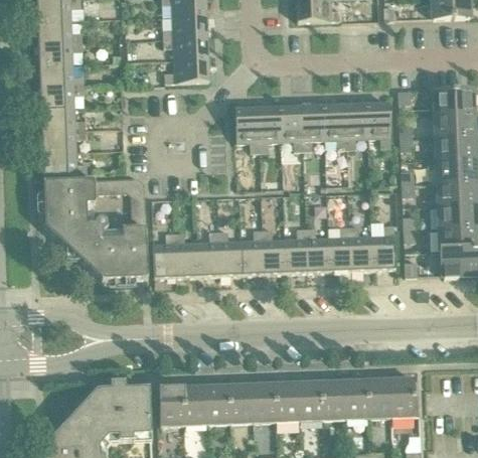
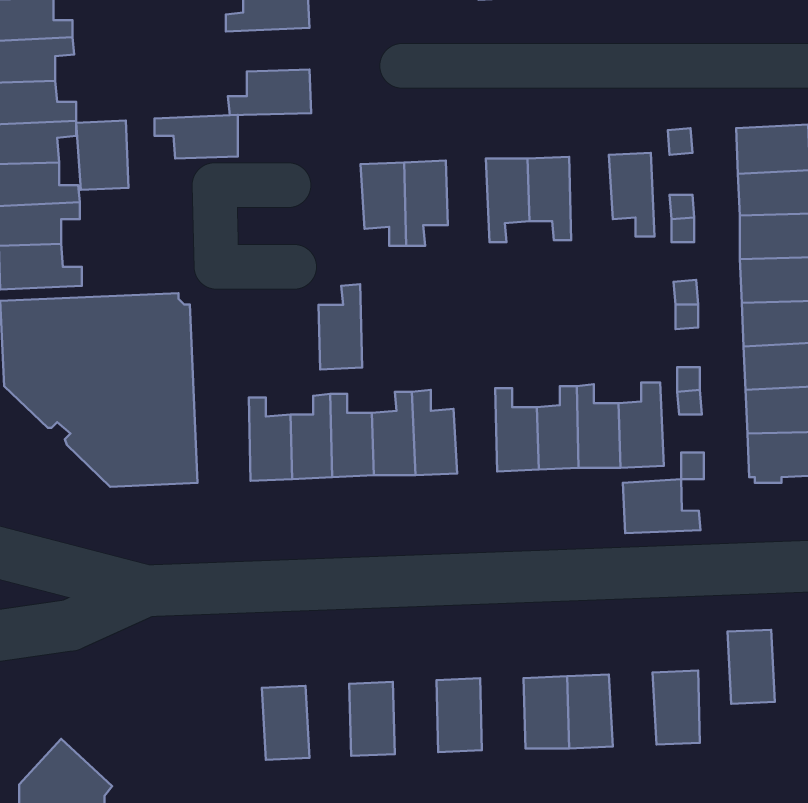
building: [163,36,207,59] -> [154,115,238,158]
building: none -> [76,120,128,190]
building: [345,104,368,149] -> none
building: [280,106,303,151] -> none
building: [284,227,307,273] -> none
building: [153,233,176,278] -> [318,284,362,369]
building: none -> [623,479,700,533]
building: [366,378,391,418] -> [727,630,775,704]
building: [75,380,151,440] -> none
building: [298,381,322,420] -> none
building: [252,383,276,422] -> none
building: [205,385,229,424] -> none
building: [159,387,184,426] -> none

